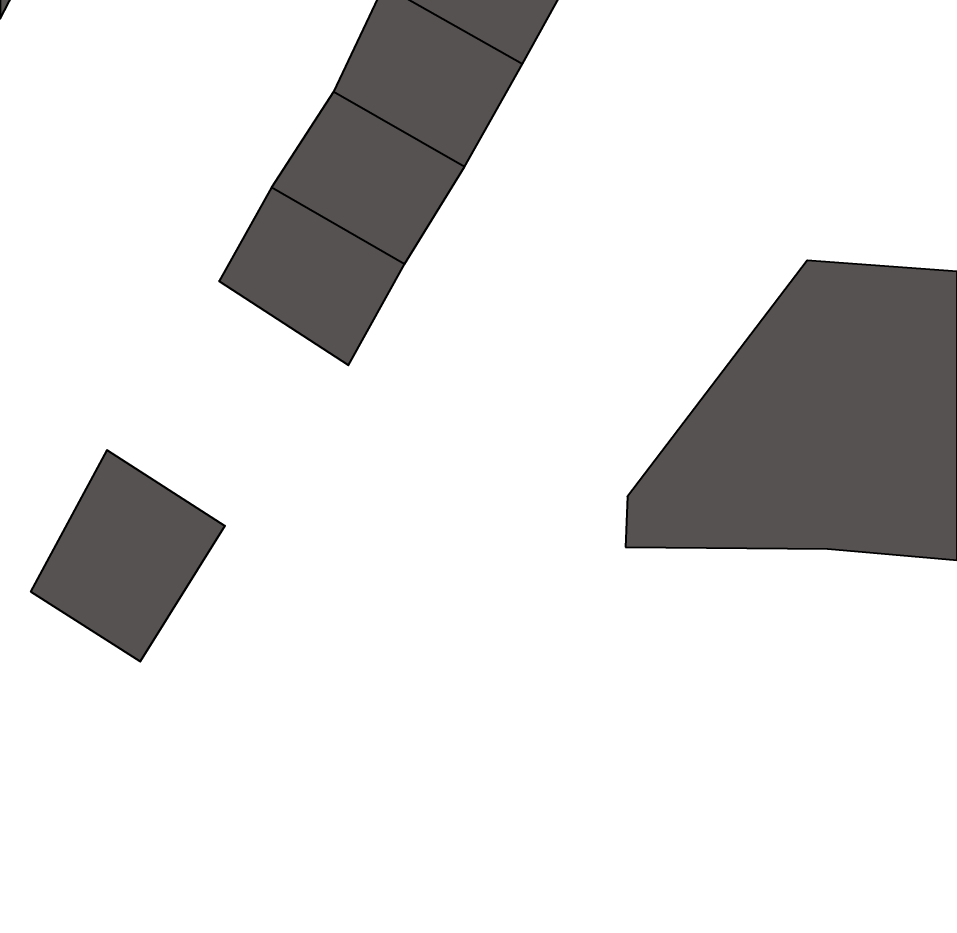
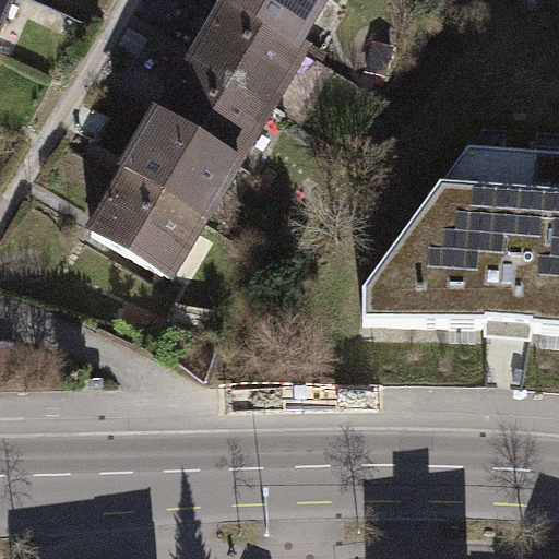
building: none -> [92,164,203,267]
building: [31,450,225,662] -> none

